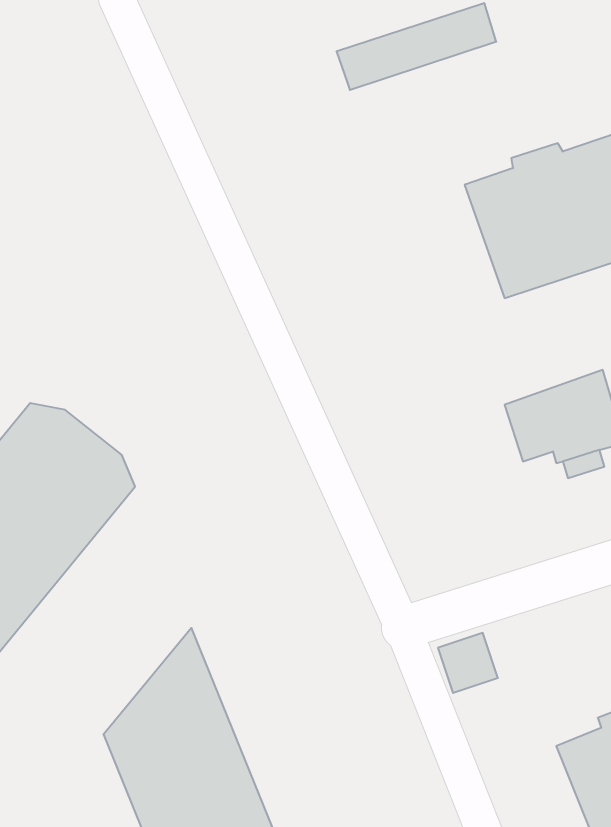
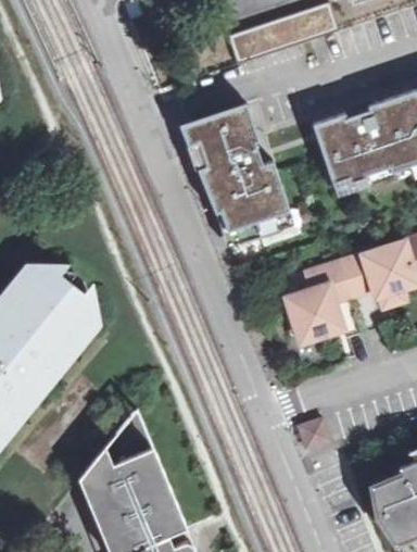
building: none -> [186,99,306,241]
building: none -> [283,265,352,349]

